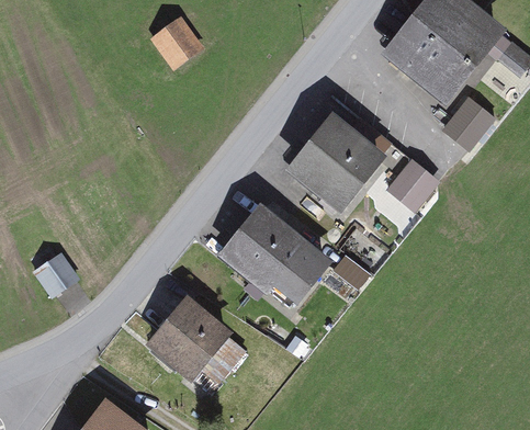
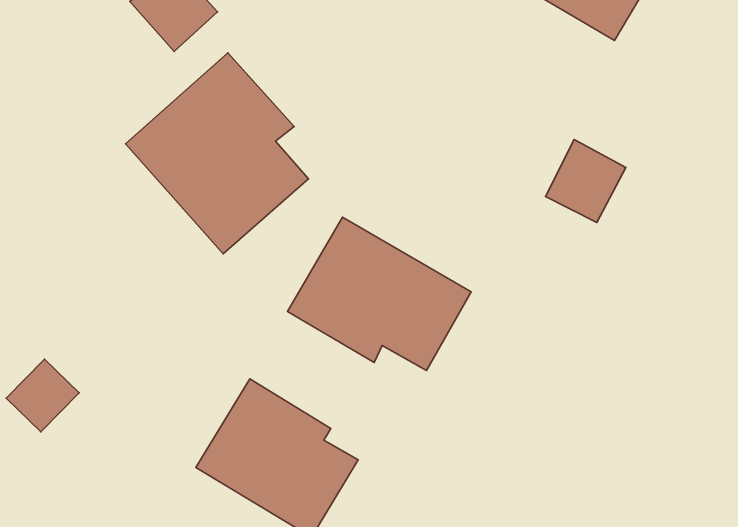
building: none -> [126,53,309,254]
building: [442,101,496,155] -> none
building: [289,116,388,217] -> none

